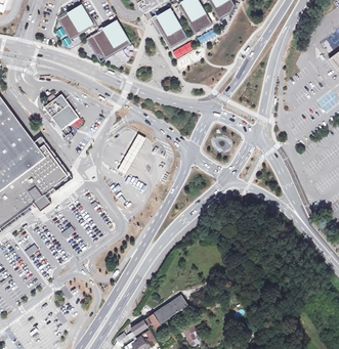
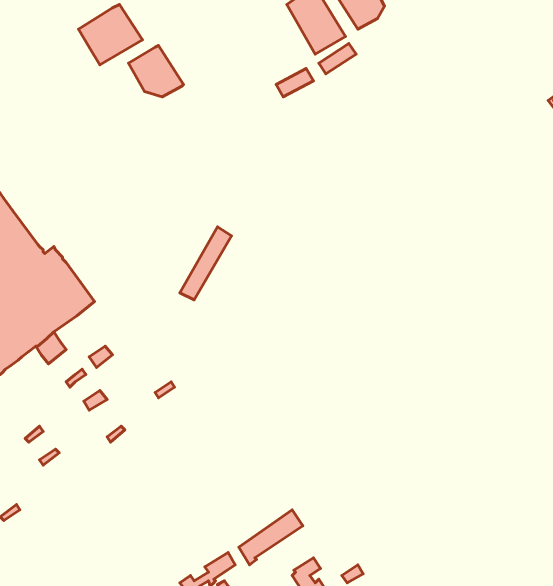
building: [154,8,188,47] -> none
building: [104,19,131,50] -> none
building: [44,93,78,142] -> none

